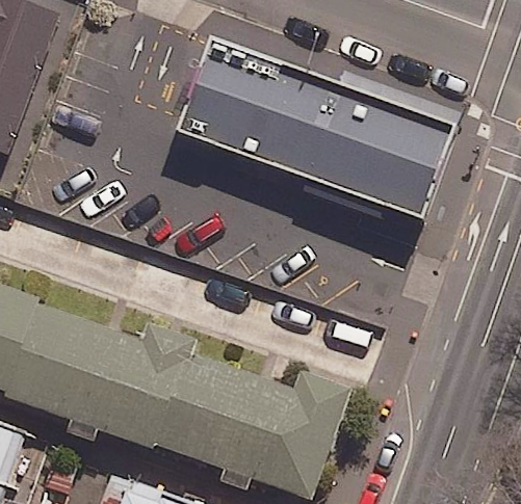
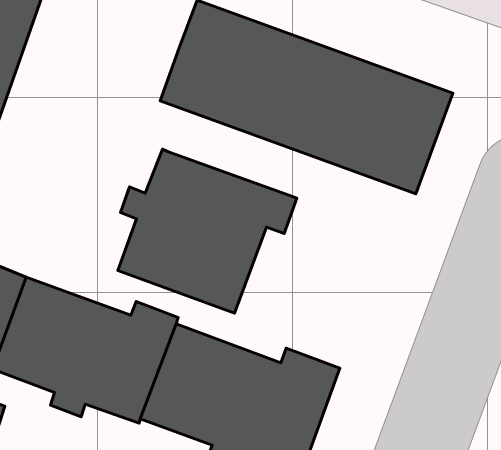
building: none -> [118,149,297,313]

